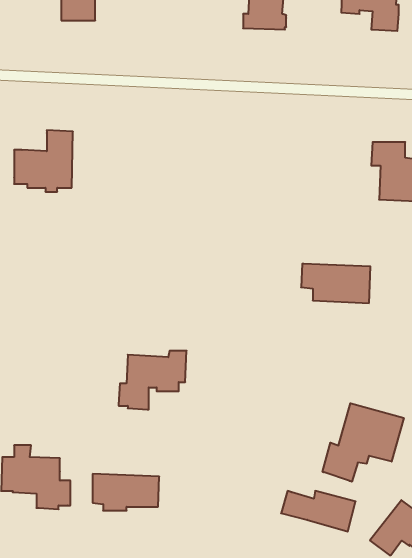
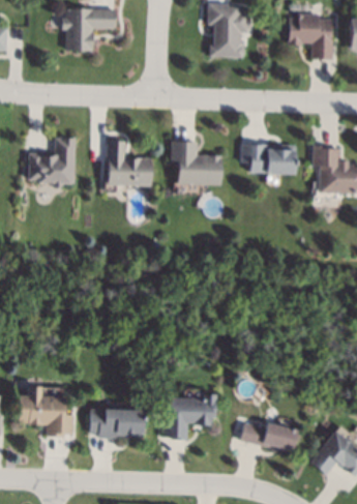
building: none -> [107,139,152,185]
building: none -> [171,141,221,184]
building: [301,264,370,303] -> [240,143,295,174]
building: [119,351,187,410] -> [163,393,217,440]
building: [323,403,404,482] -> none

